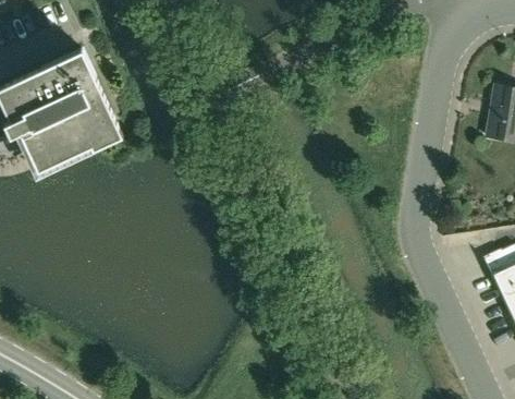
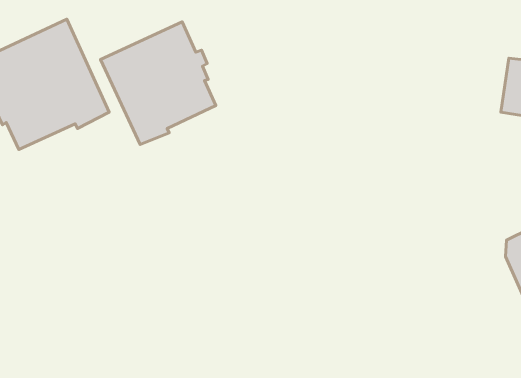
building: none -> [101,22,216,145]

